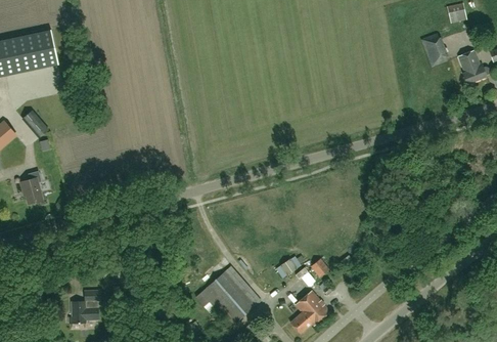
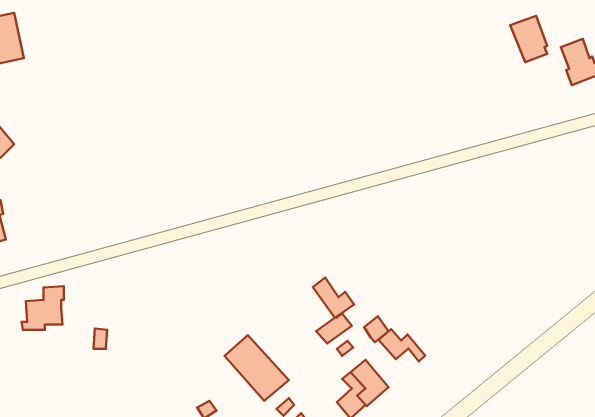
building: none -> [313,278,354,318]
building: none -> [378,329,425,361]
building: [69,290,100,323] -> [22,286,64,330]

